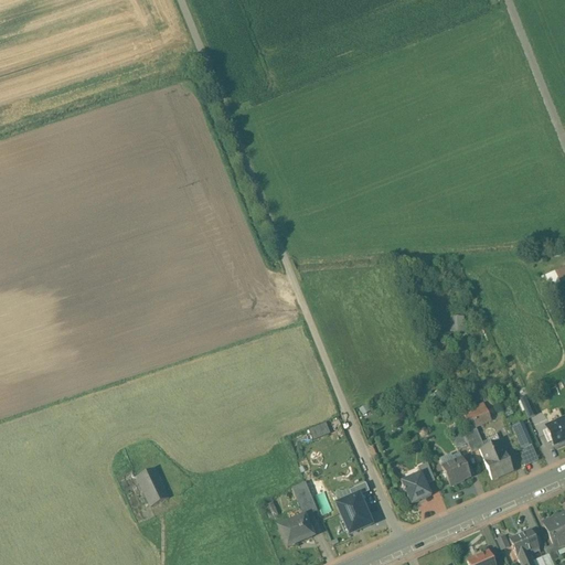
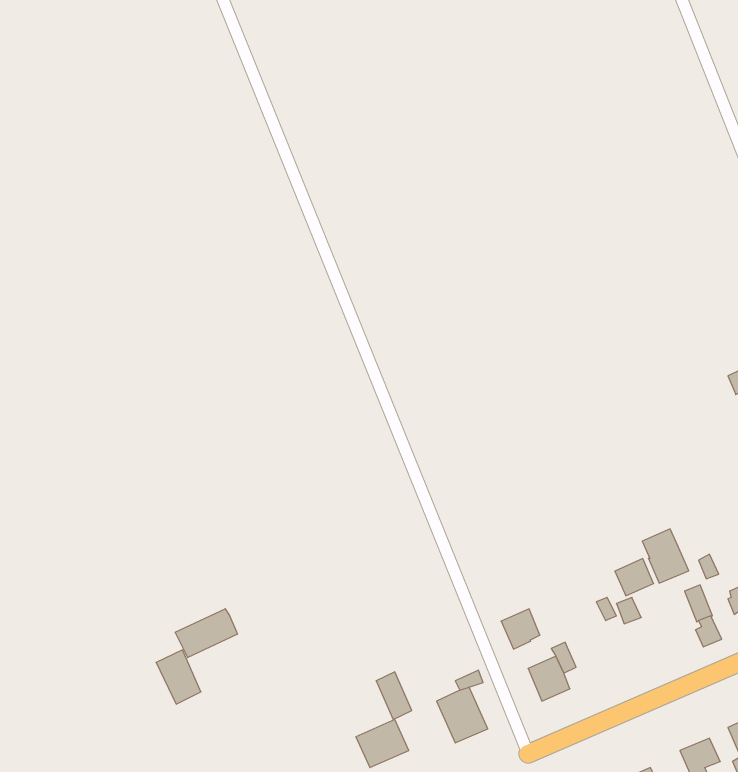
building: none -> [175,609,238,658]
building: [480,438,513,477] -> [642,529,689,583]
building: [443,456,470,484] -> [501,609,540,649]

